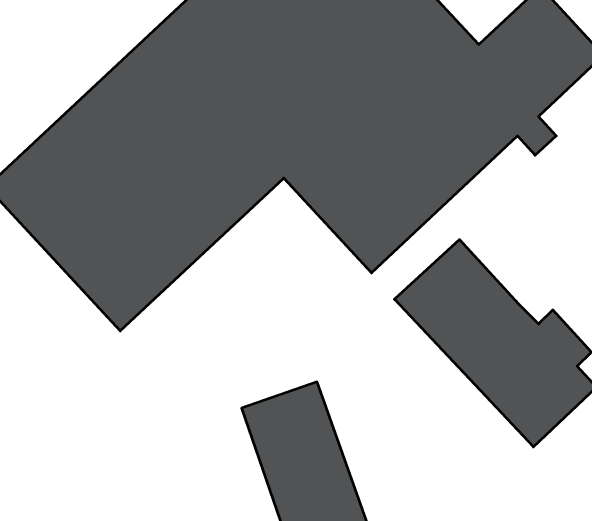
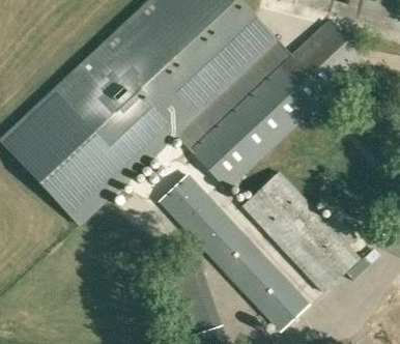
building: none -> [158,171,310,331]

